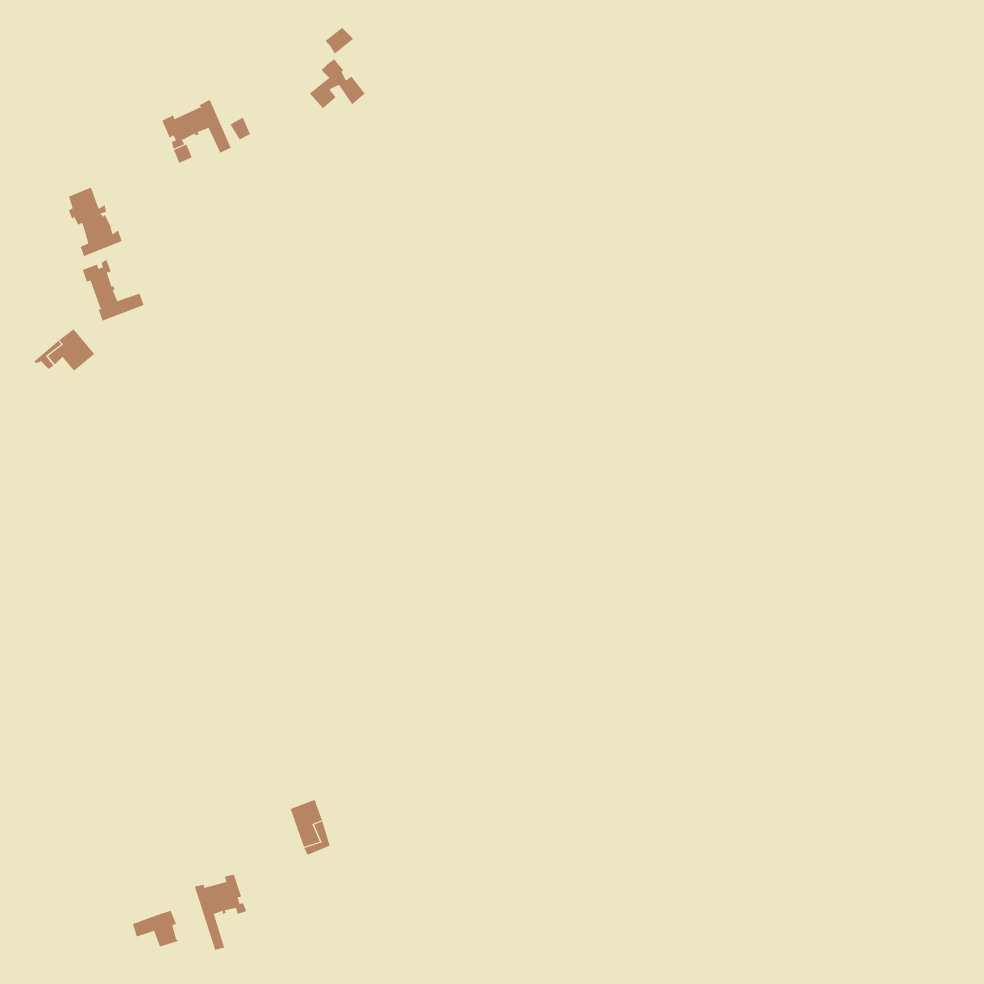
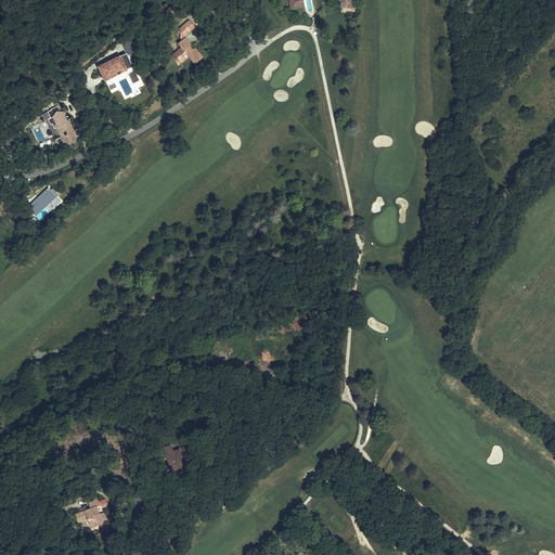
building: [82,259,144,322] -> none
building: [194,874,247,950] -> none

